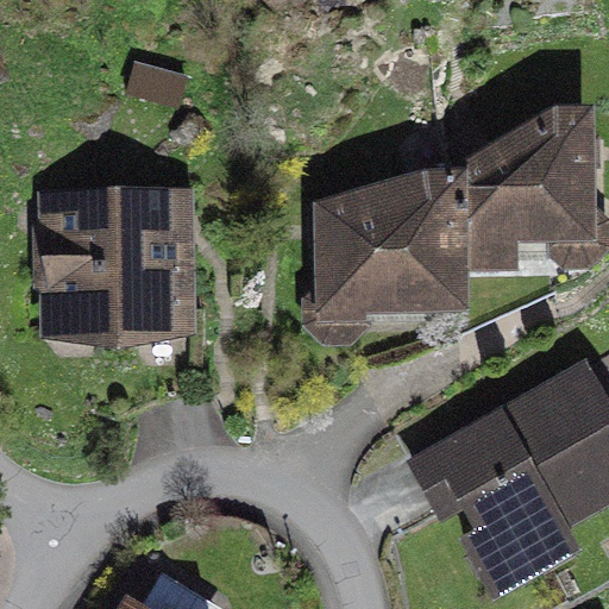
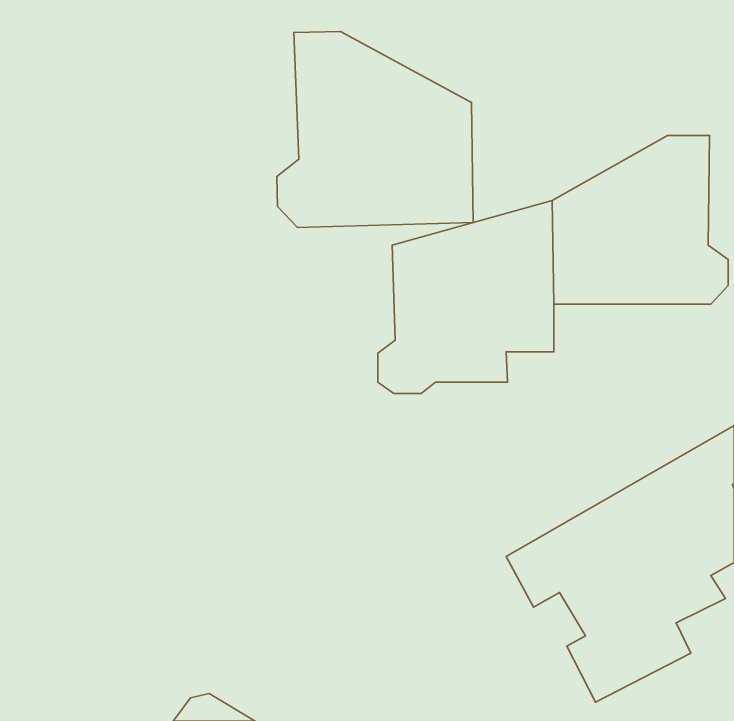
building: none -> [277,31,473,227]
building: [51,195,203,370] -> none

